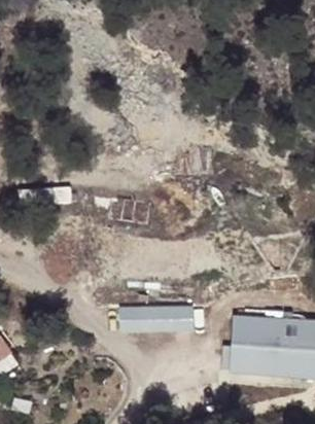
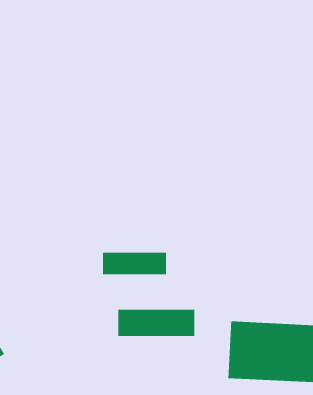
building: none -> [102,252,167,275]

